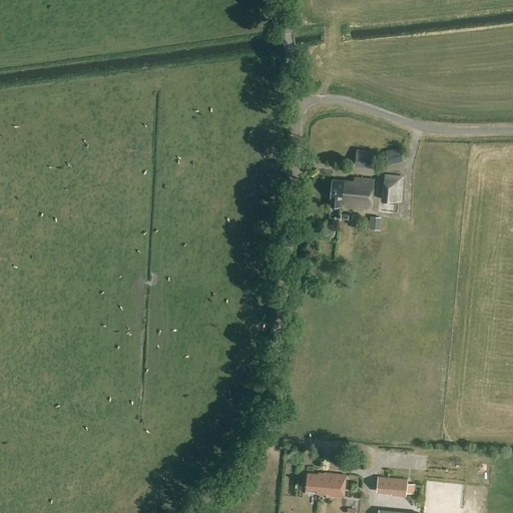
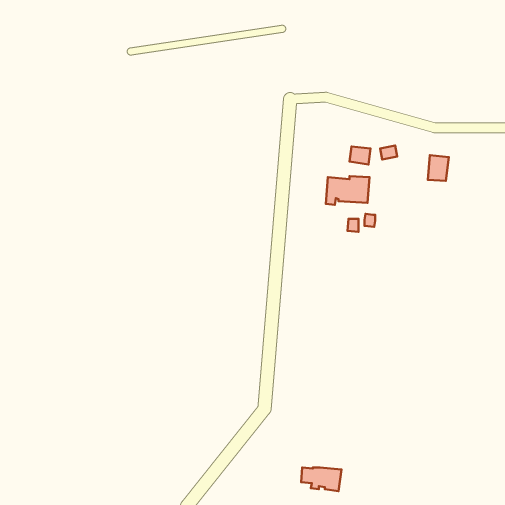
building: [382,176,403,202] -> [428,155,449,181]
building: [376,478,407,497] -> none

